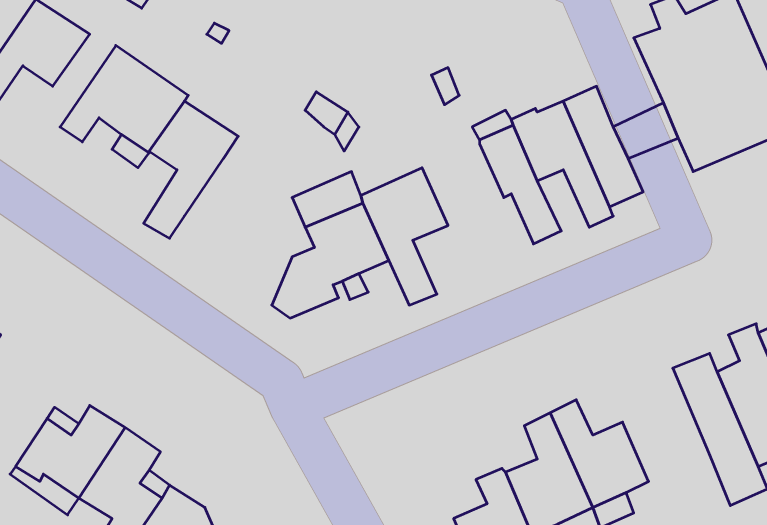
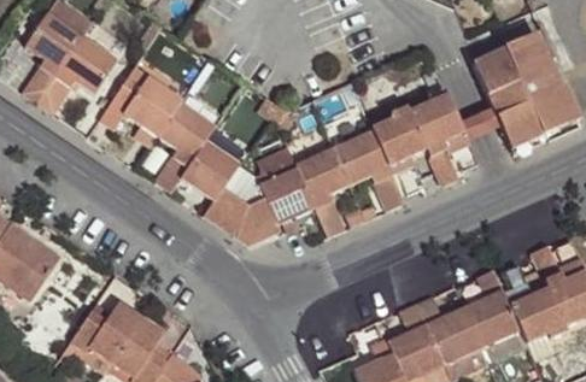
building: none -> [334,130,404,208]
building: none -> [180,140,250,235]
building: none -> [464,272,521,349]

